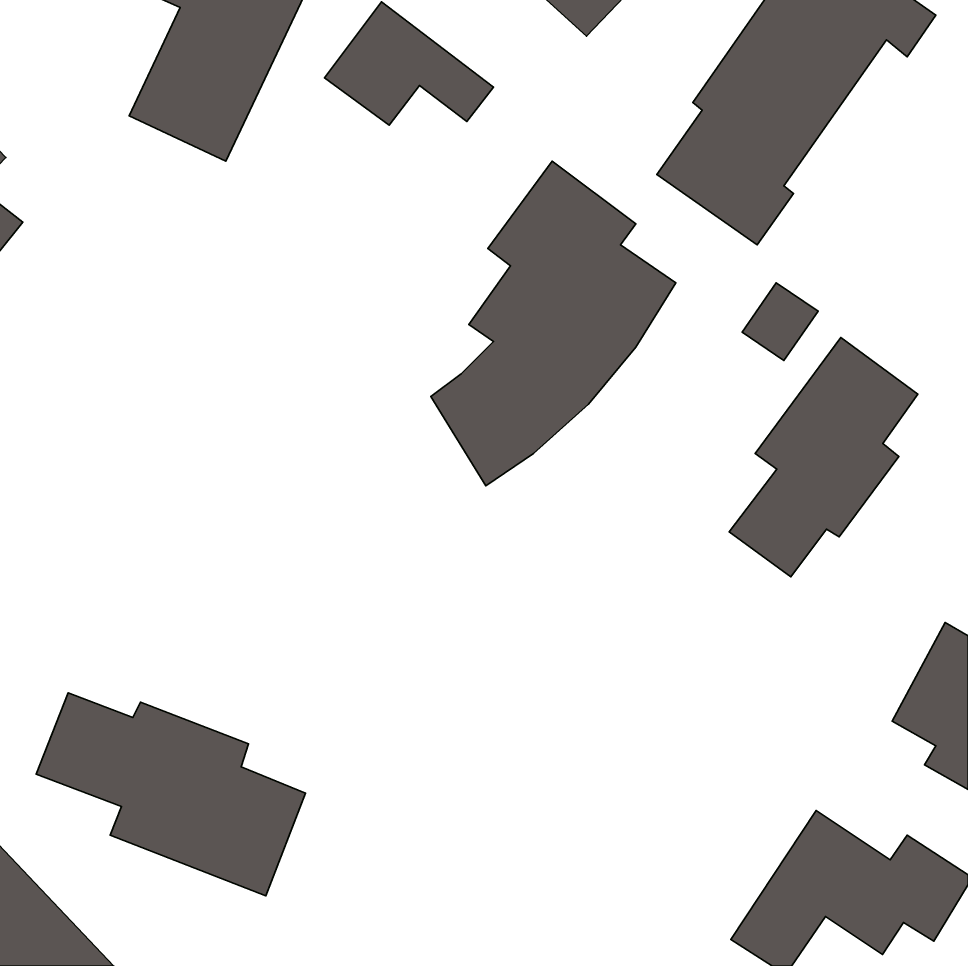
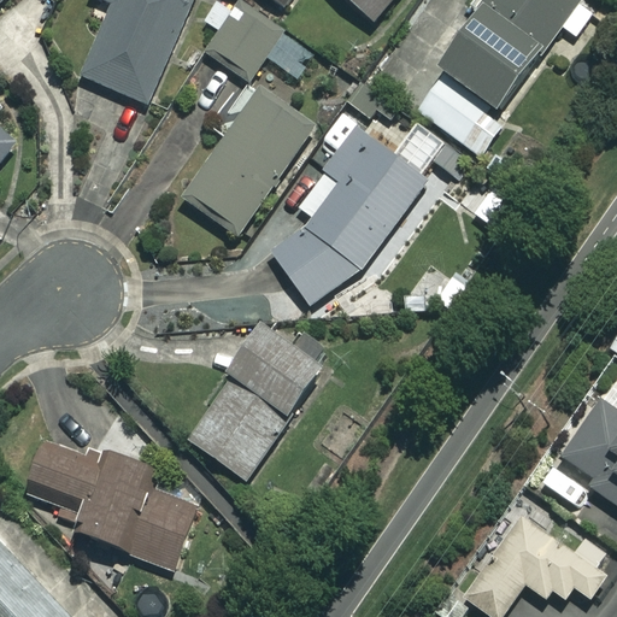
building: none -> [184,90,311,234]
building: [729,337,918,577] -> none
building: none -> [187,323,323,480]

